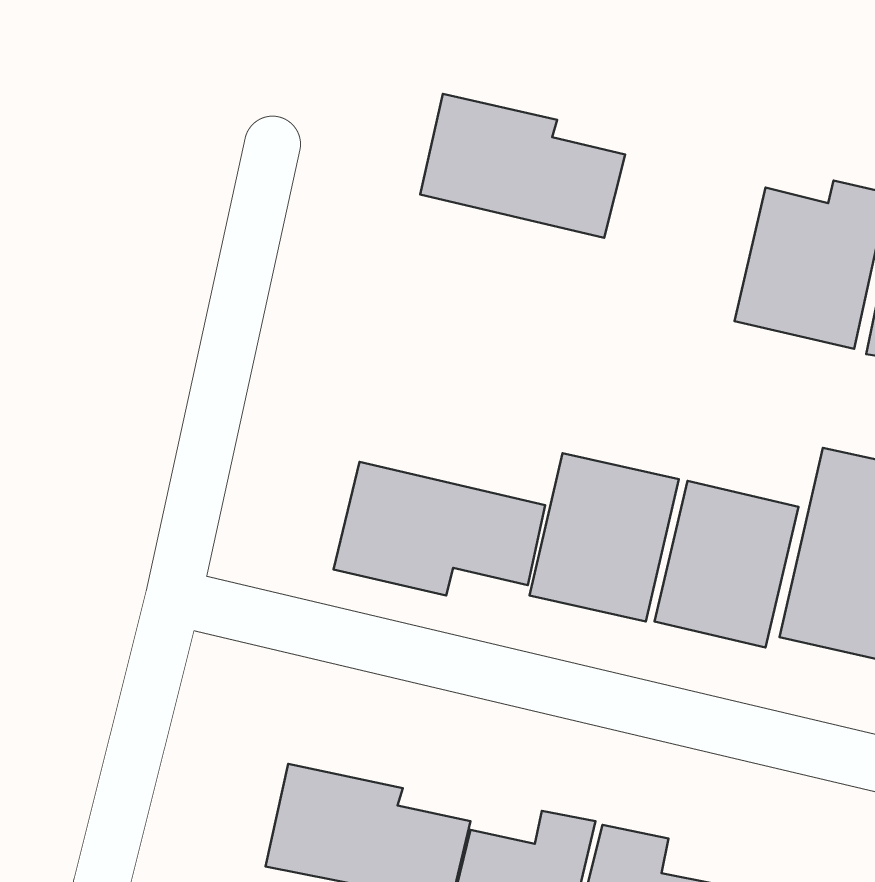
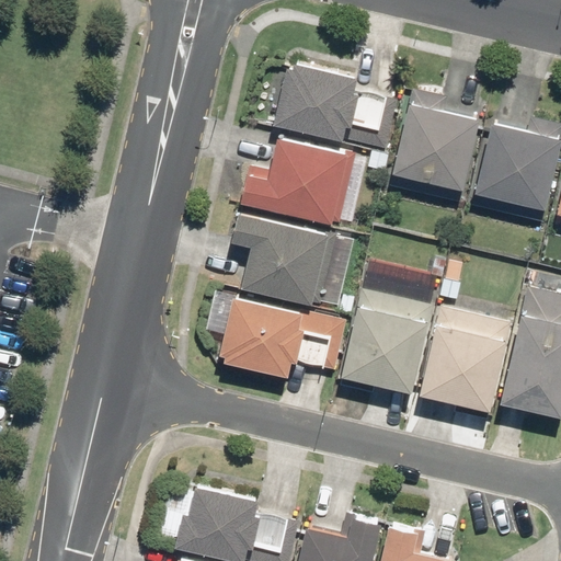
building: none -> [389,88,482,204]
building: none -> [240,135,363,228]
building: none -> [230,214,341,309]

